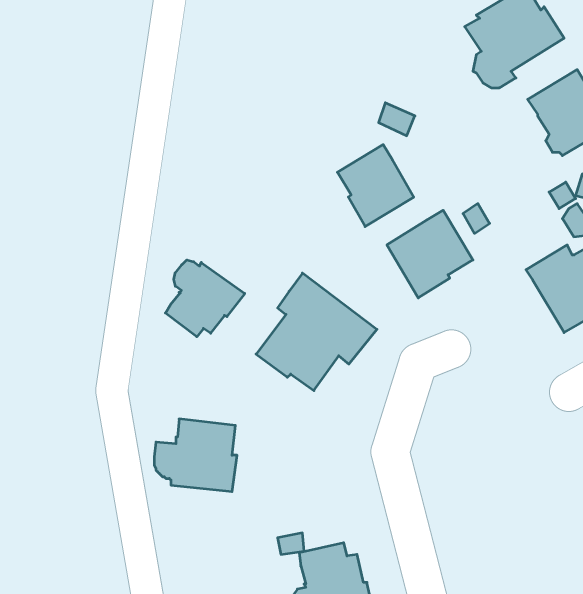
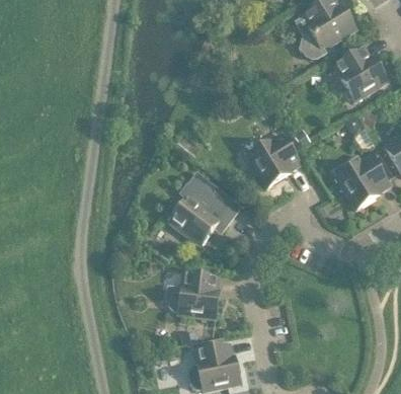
building: [337,145,414,227] -> none
building: [165,260,245,337] -> none
building: [154,419,237,492] -> [168,272,219,317]

